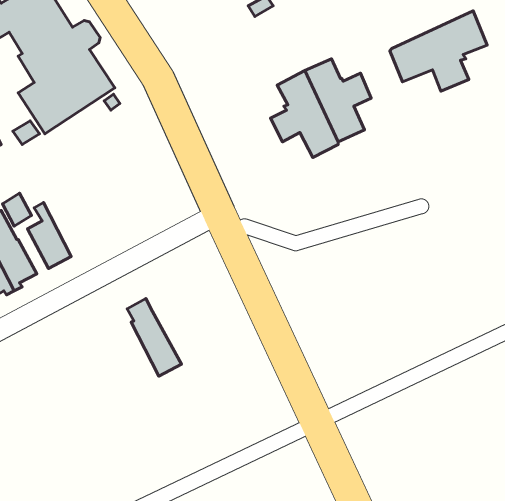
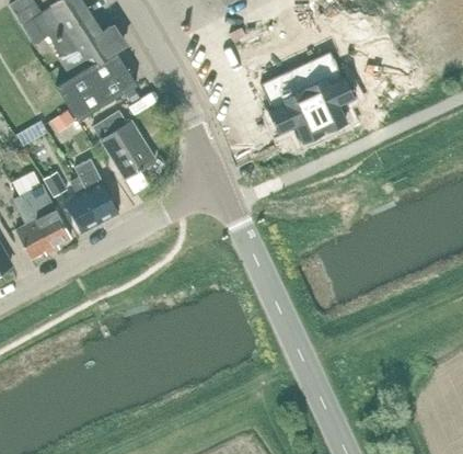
building: [390,11,487,91] -> none
building: none -> [93,110,155,193]
building: [127,298,181,376] -> [74,158,119,223]

